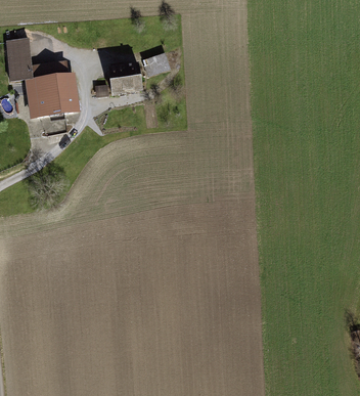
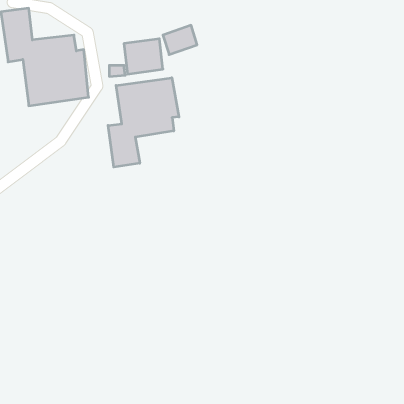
building: none -> [108,78,179,167]

